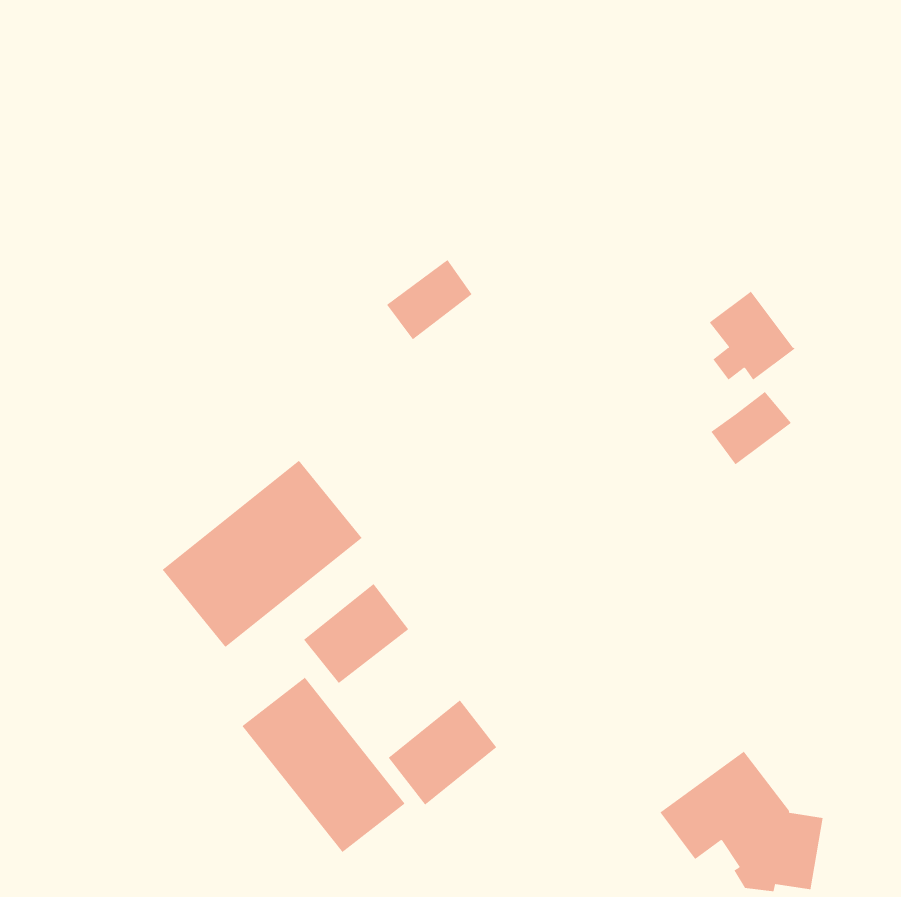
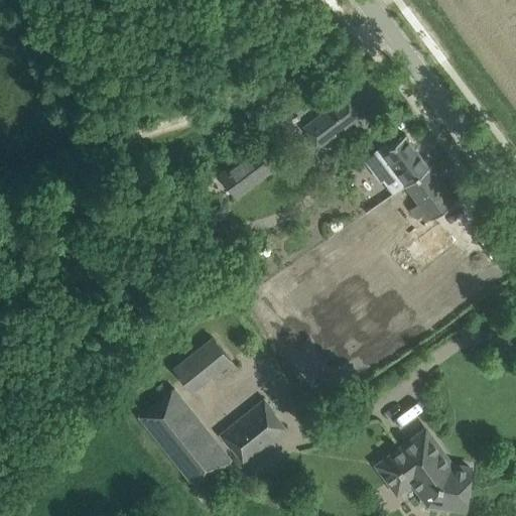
building: none -> [304,98,361,148]
building: none -> [365,135,430,195]
building: [162,460,362,648] -> none

